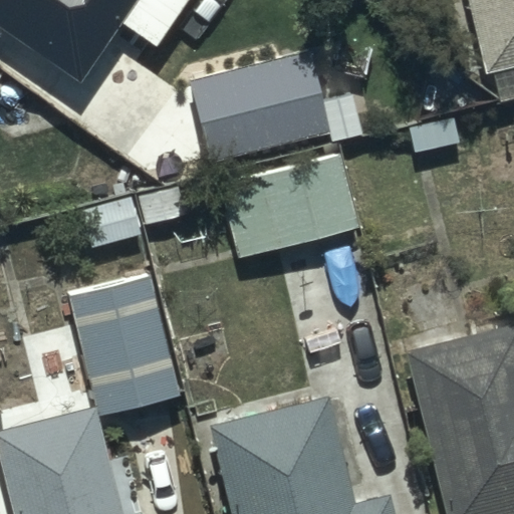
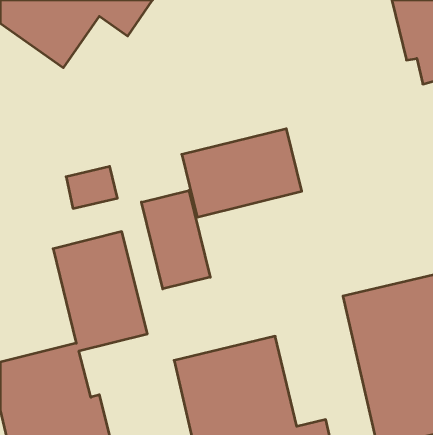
building: [188,52,331,162] -> none
building: none -> [141,190,210,289]

